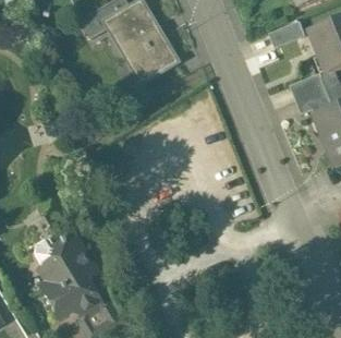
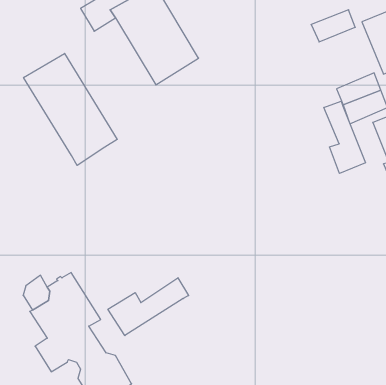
building: none -> [24,53,117,165]
building: none -> [324,101,365,173]
building: none -> [108,278,189,336]

